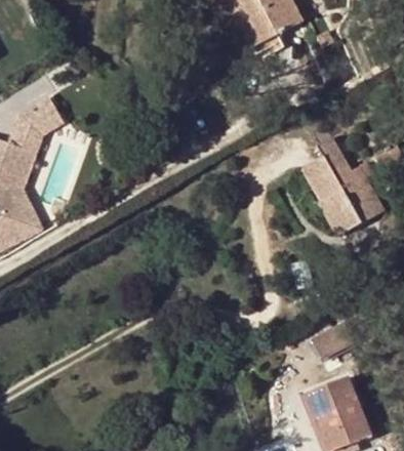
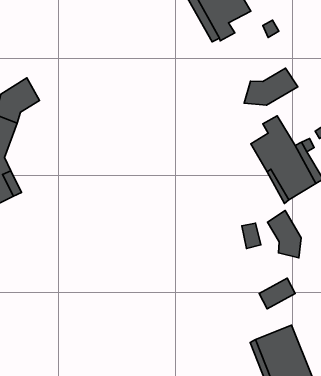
building: none -> [244,68,298,105]
building: none -> [268,211,301,258]

